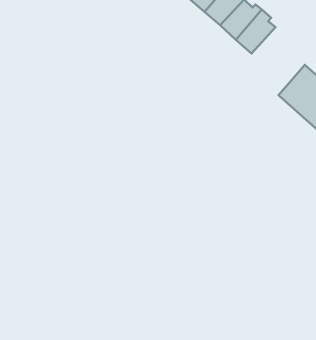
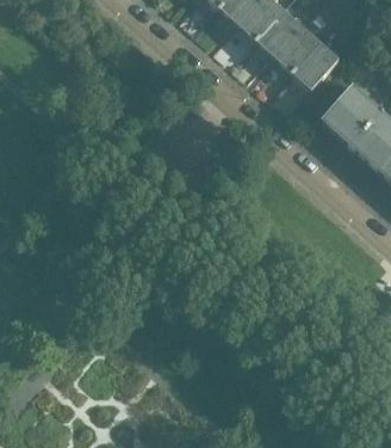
building: none -> [293,37,353,90]

